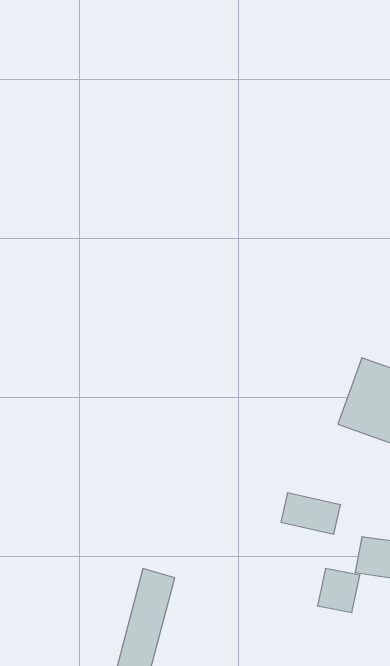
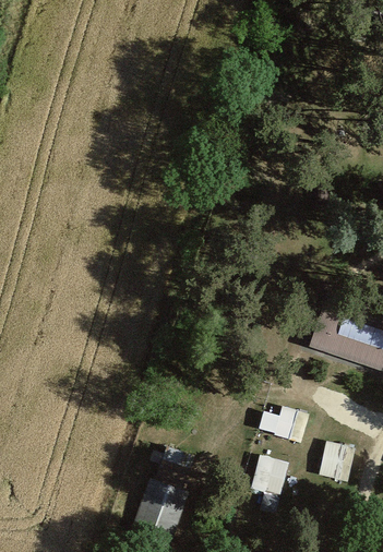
building: [317,569,360,612] -> [254,458,289,494]

